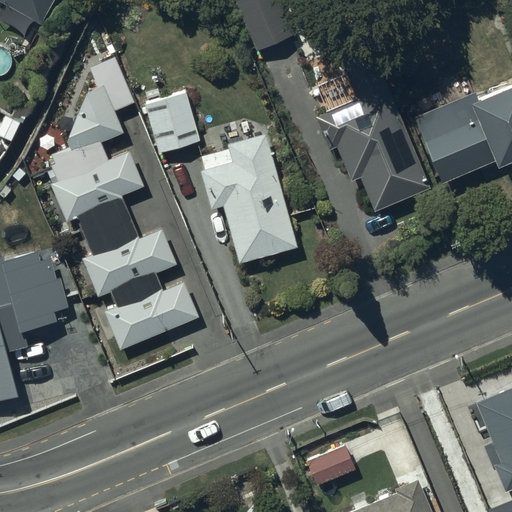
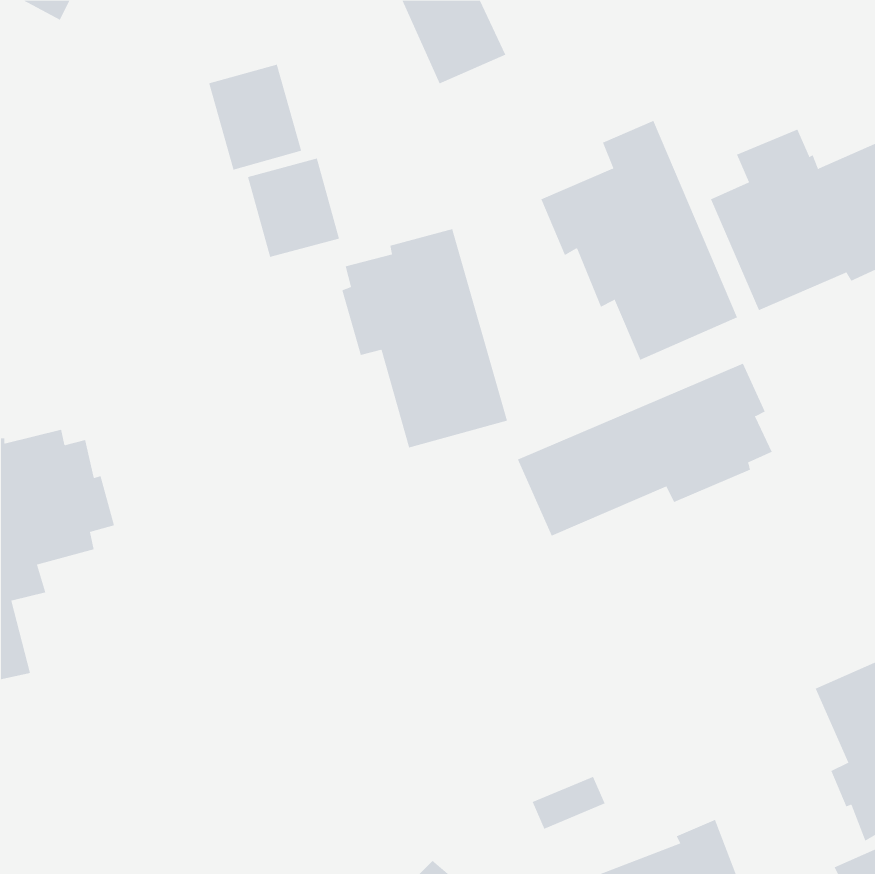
building: none -> [208,64,302,170]
building: [51,58,198,351] -> none
building: none -> [517,363,772,537]

